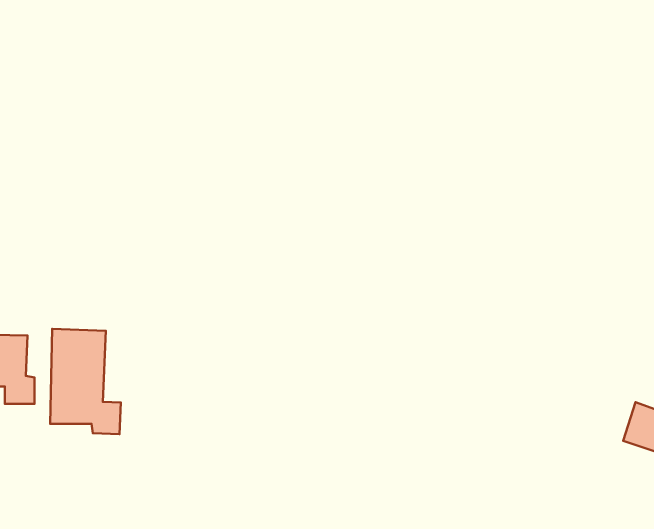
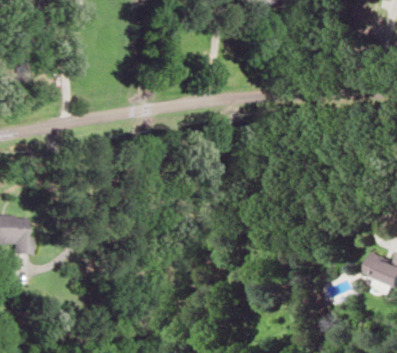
building: [50,329,121,434] -> none

